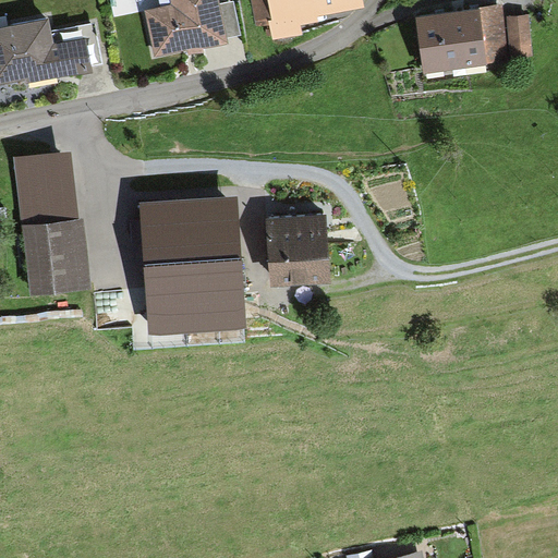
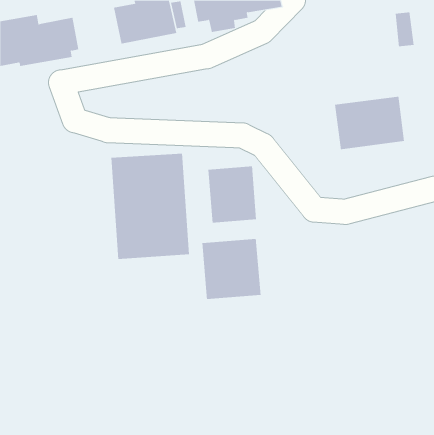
building: [416,4,507,73] -> [334,96,405,150]
building: [12,153,90,295] -> none
building: none -> [202,238,261,300]

